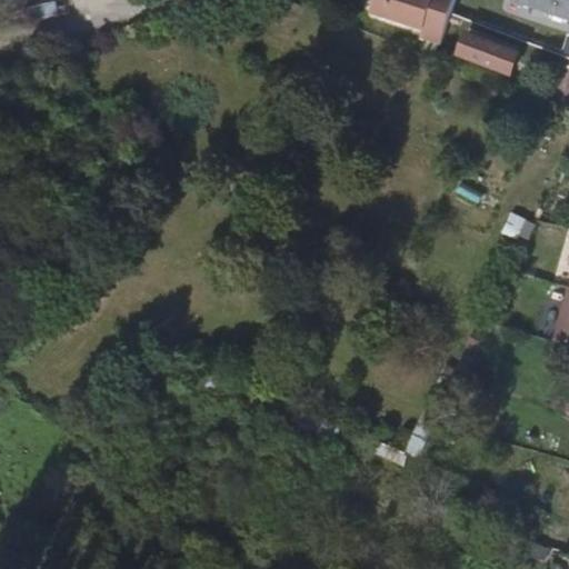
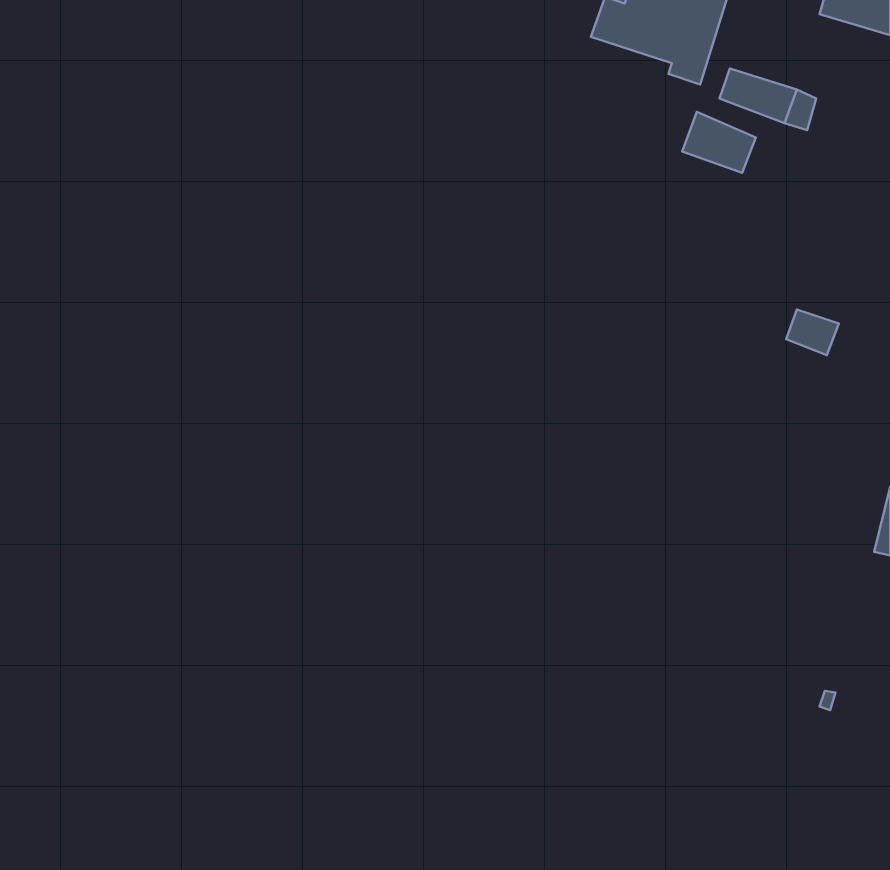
building: none -> [682,112,756,173]

